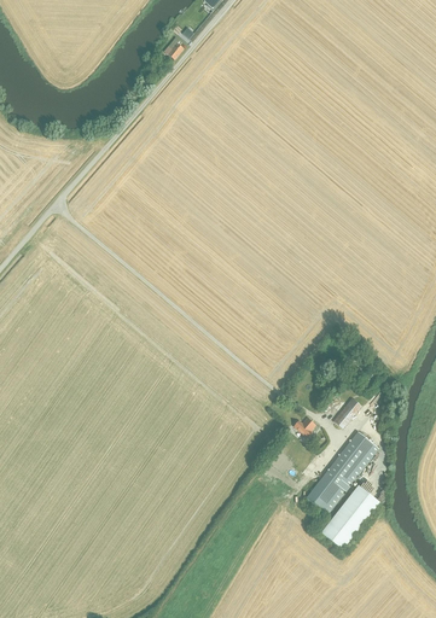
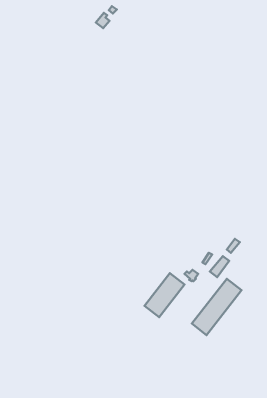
building: [319,484,378,549] -> [145,273,184,317]

